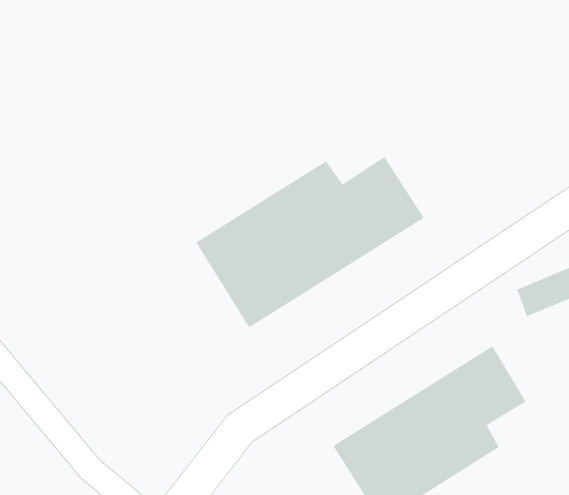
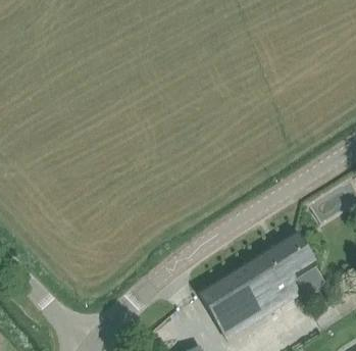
building: [196,156,425,328] -> none

